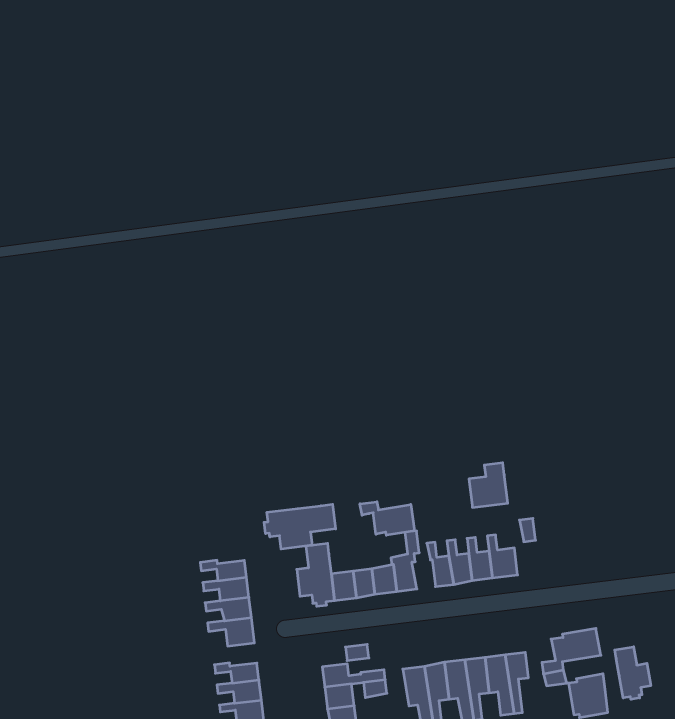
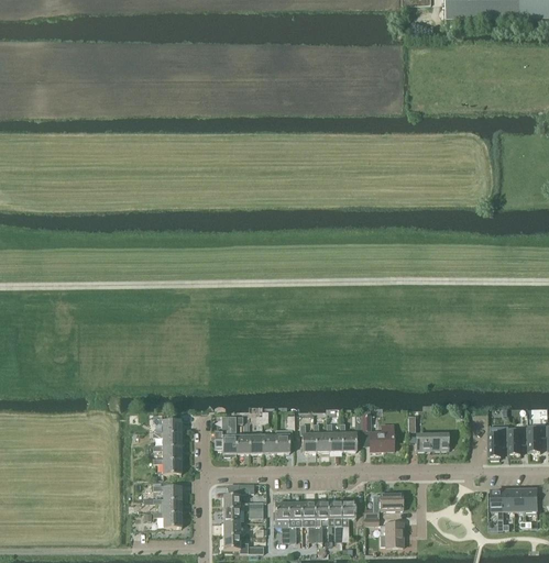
building: [469,463,508,507] -> [371,423,394,450]
building: [360,502,414,535] -> none
building: [264,504,336,549] -> none
building: none -> [417,430,449,449]
building: [615,647,651,699] -> none

